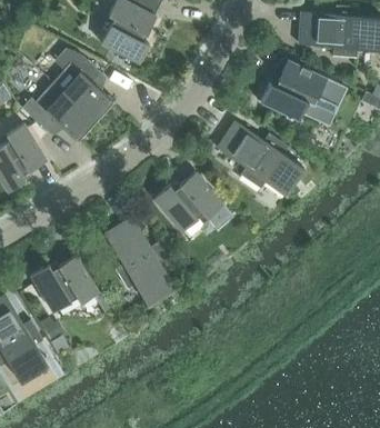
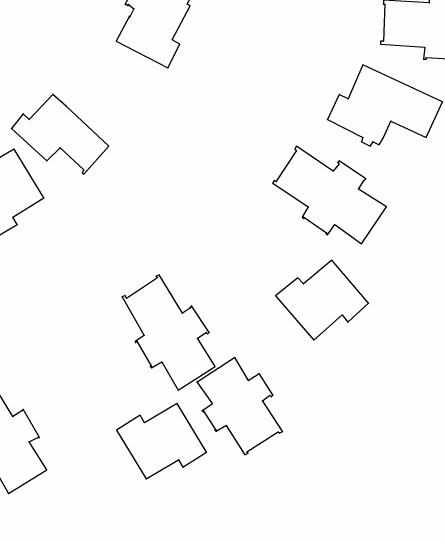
building: [53,49,114,122] -> none
building: [153,172,223,232] -> [276,260,369,340]
building: [31,256,99,312] -> [117,404,207,479]
building: none -> [197,357,282,455]

